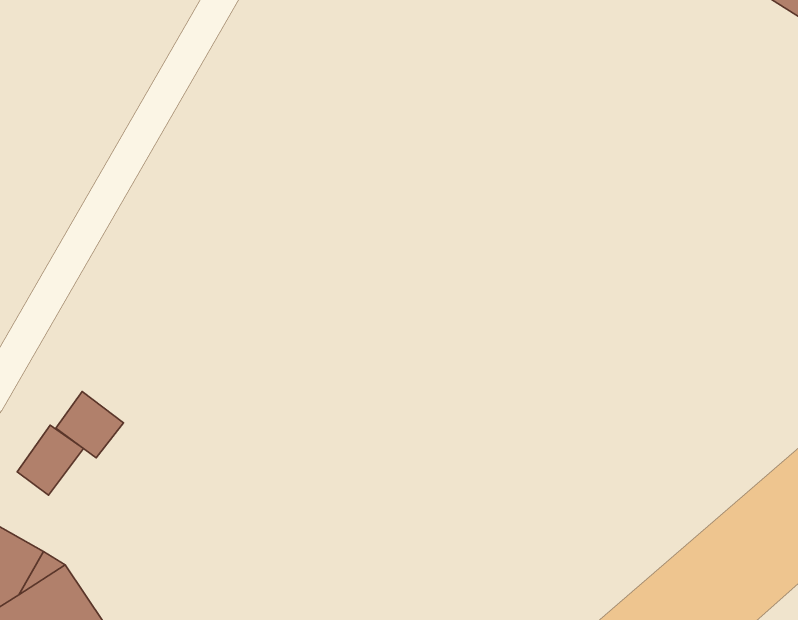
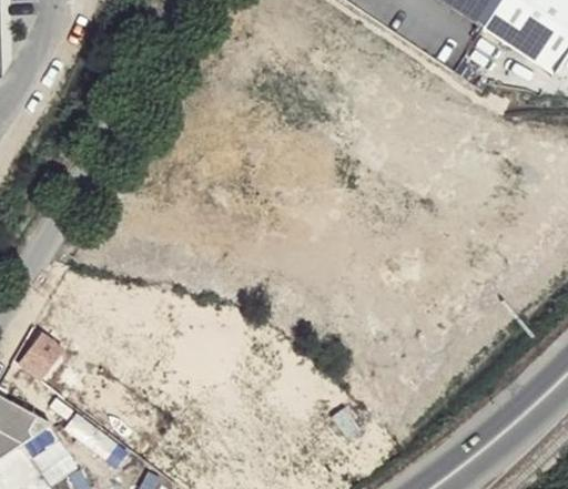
building: [56,391,123,458] -> none

